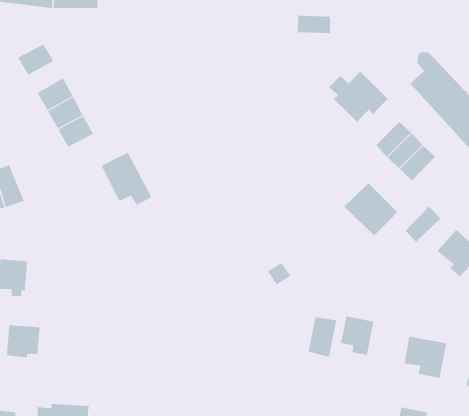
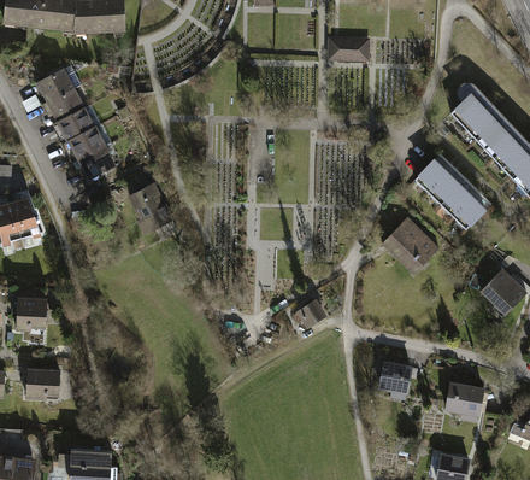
building: none -> [47,88,84,122]
building: [328,71,388,123] -> none
building: [405,206,441,242] -> [453,189,491,228]
building: [308,316,337,357] -> none

